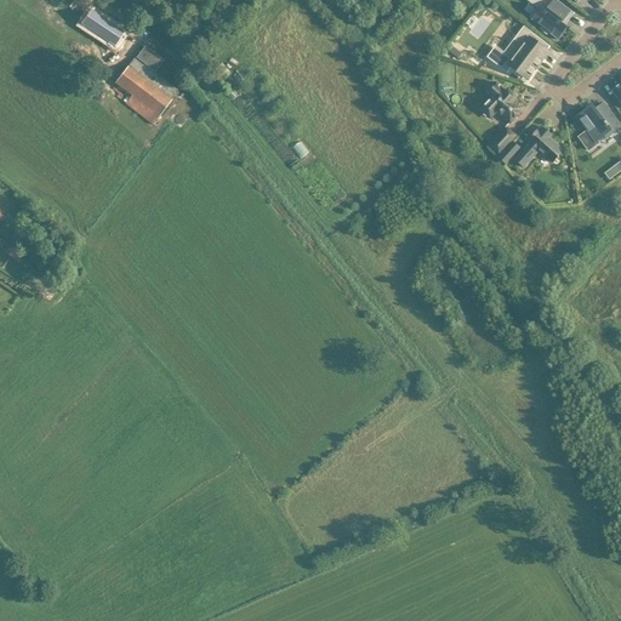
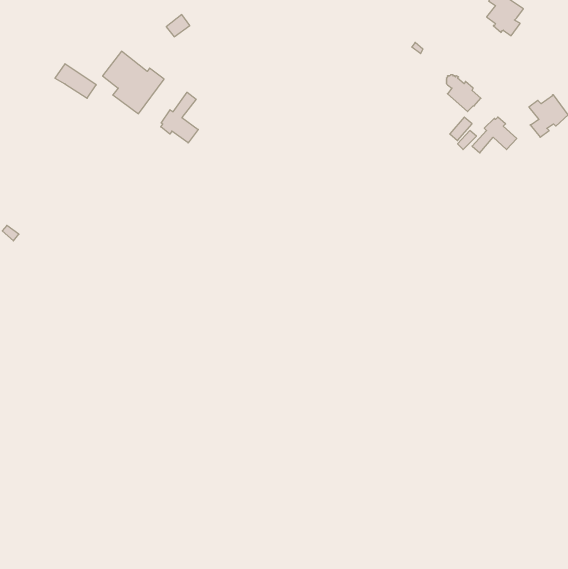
building: [78,8,123,46] -> [55,64,96,98]
building: [485,25,548,78] -> none
building: none -> [161,92,198,143]

